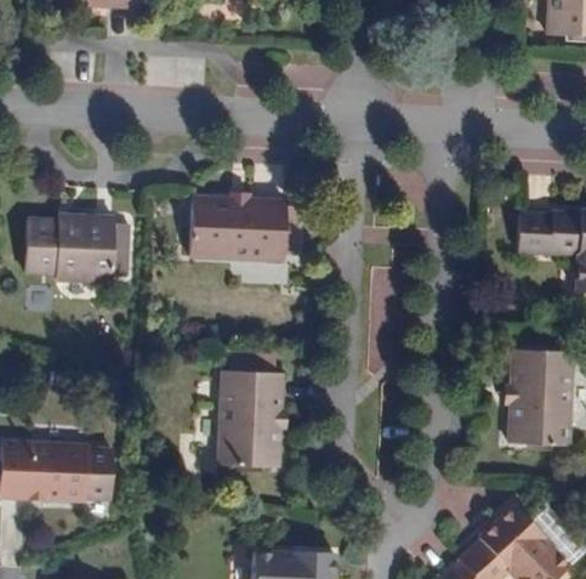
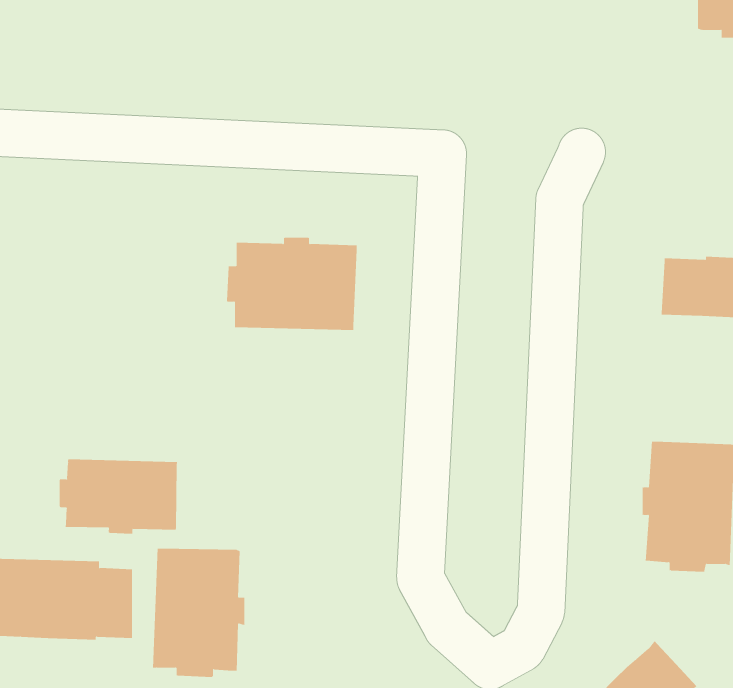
building: [24,212,115,284] -> none
building: none -> [59,459,177,535]
building: [217,371,289,471] -> [152,548,245,678]

